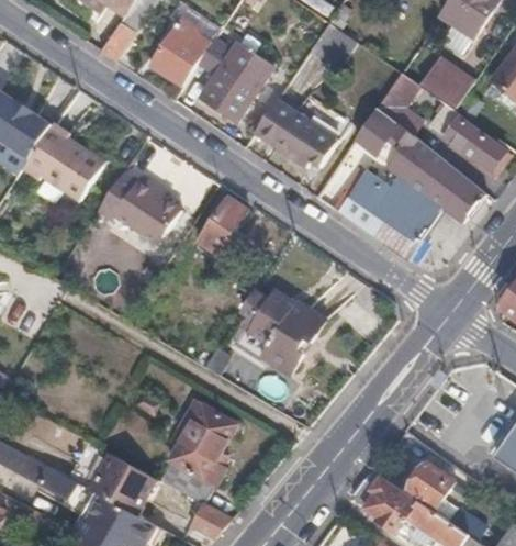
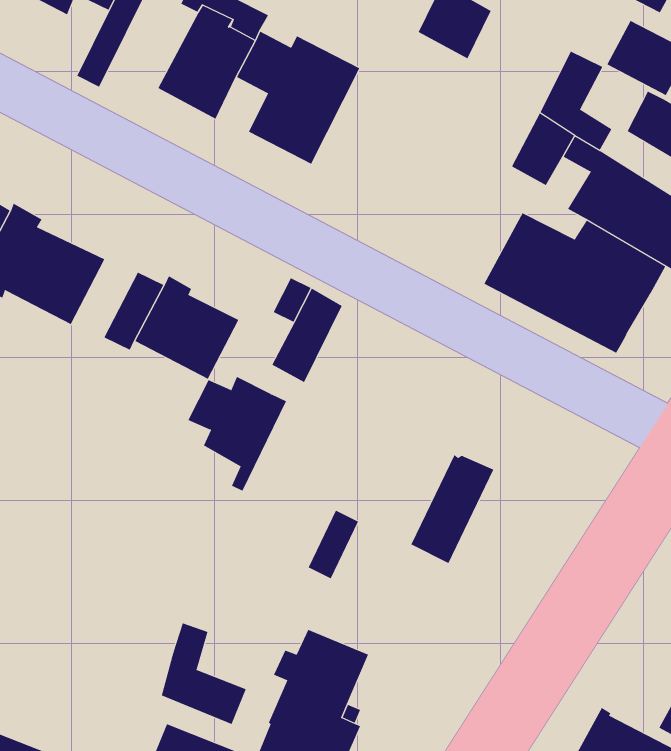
building: [254,98,338,167] -> none
building: [240,289,302,359] -> [187,376,287,492]
building: none -> [161,623,247,725]

